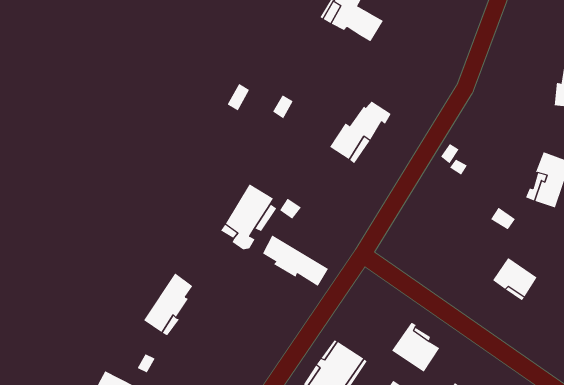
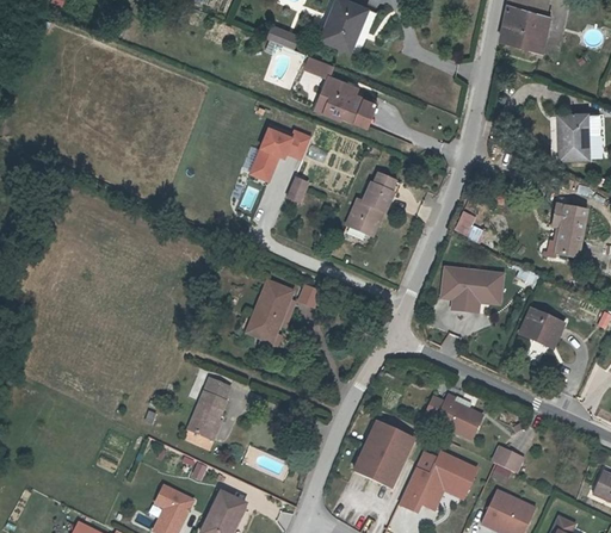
building: none -> [246,126,309,182]
building: none -> [437,265,502,312]
building: [262,234,329,287] -> none

